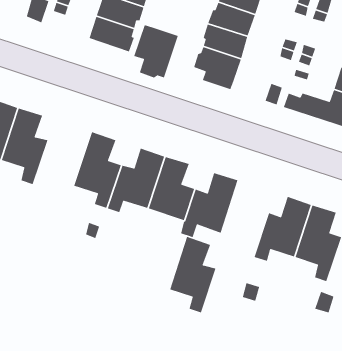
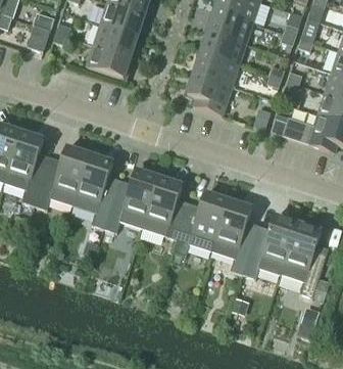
building: [133,24,179,79] -> none
building: none -> [35,145,90,207]
building: [169,236,217,313] -> [212,198,257,272]

